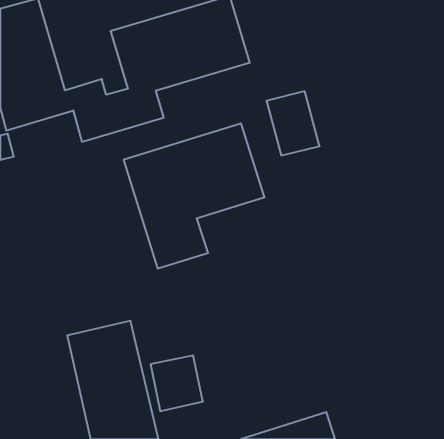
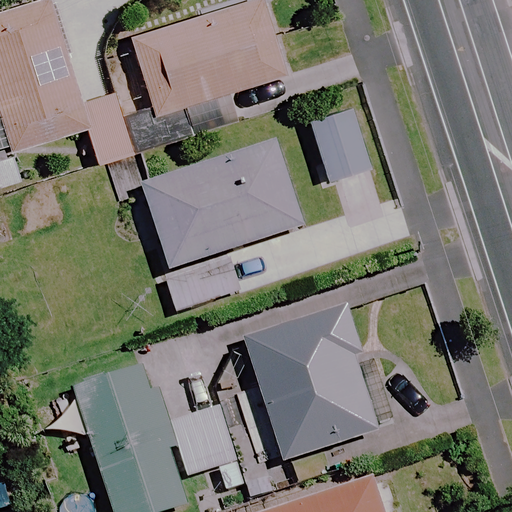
building: none -> [245,307,375,460]

